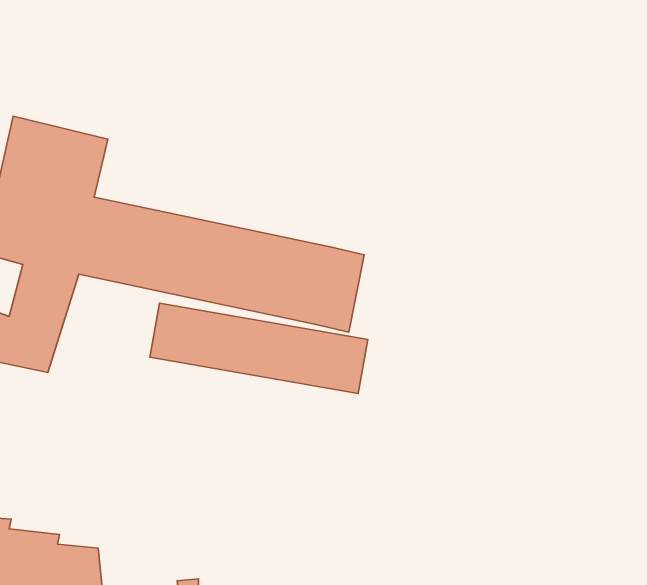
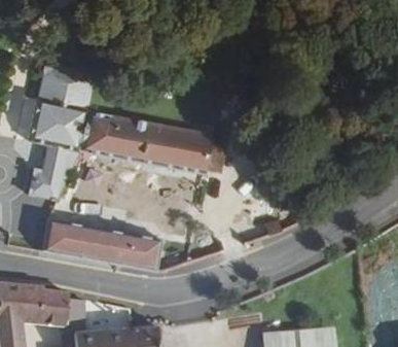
building: [150,303,368,394] -> [39,217,155,266]

